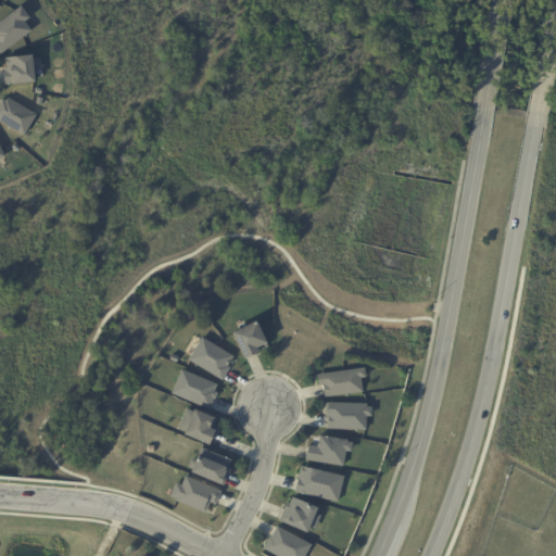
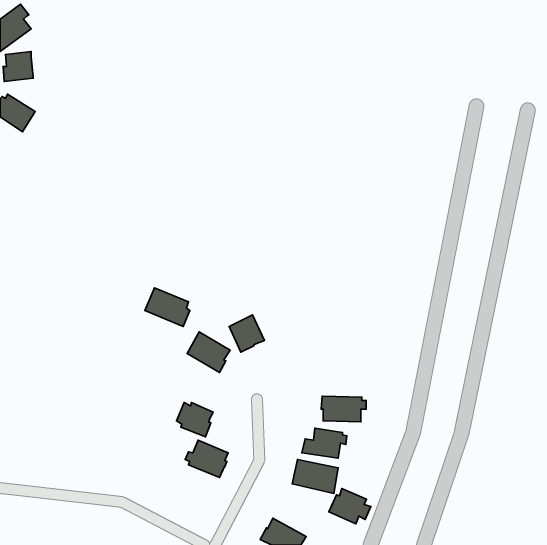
building: [317,367,366,395] -> none
building: [172,369,217,408] -> [145,288,190,326]
building: [170,476,219,511] -> none
building: [279,496,321,532] -> [329,488,371,524]

